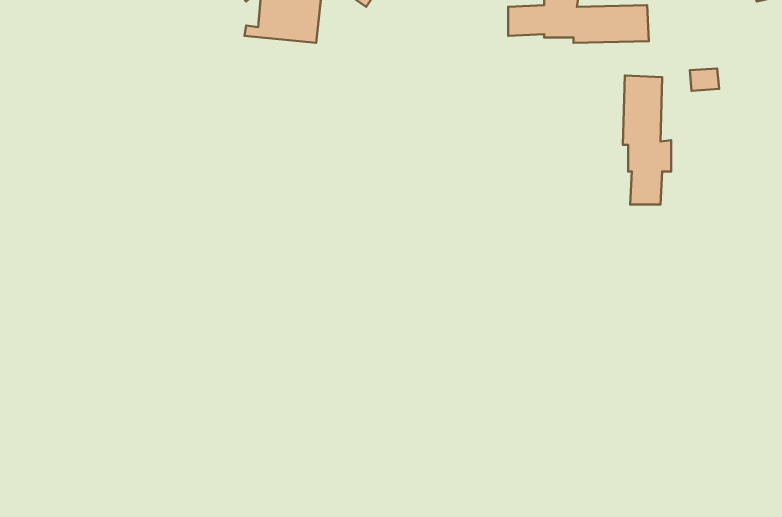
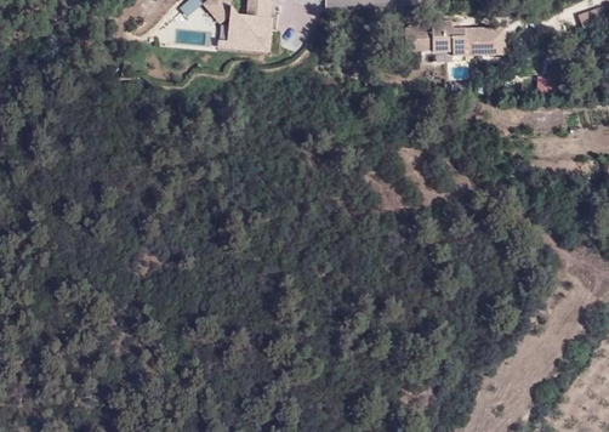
building: [623,76,671,204] -> none

